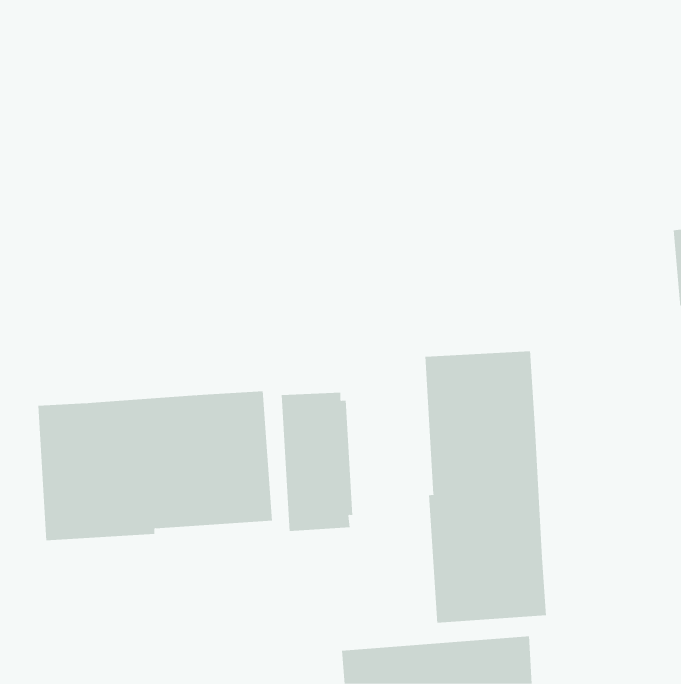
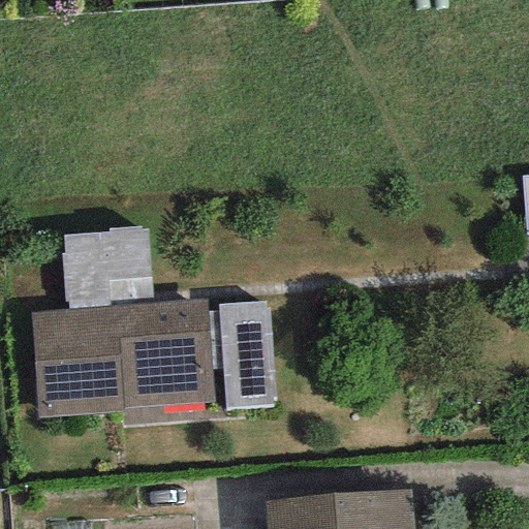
building: none -> [62,229,154,311]
building: [425,351,546,624] -> none

